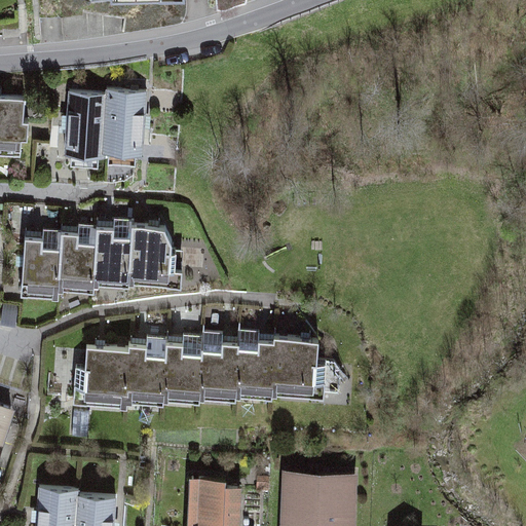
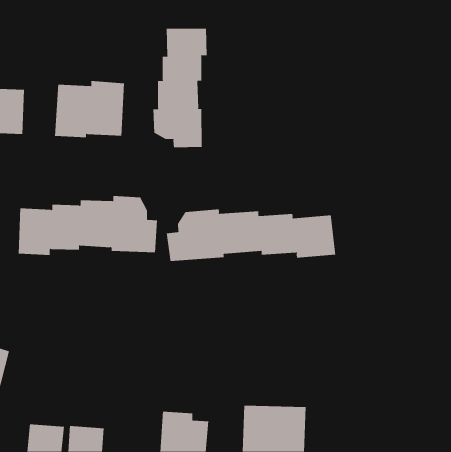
building: none -> [153,28,207,148]
building: none -> [166,208,336,262]
building: [76,331,322,407] -> none

